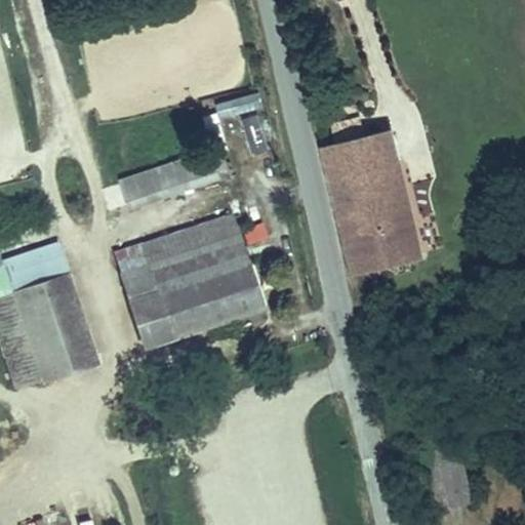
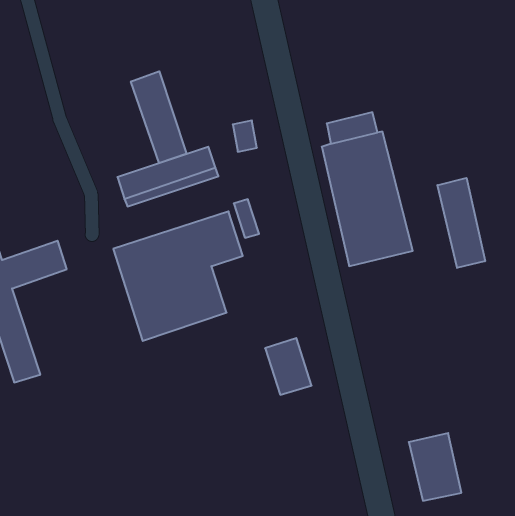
building: none -> [131,71,186,163]
building: none -> [437,178,485,268]
building: [214,259,261,317] -> [265,338,312,395]
building: [12,273,97,381] -> none

